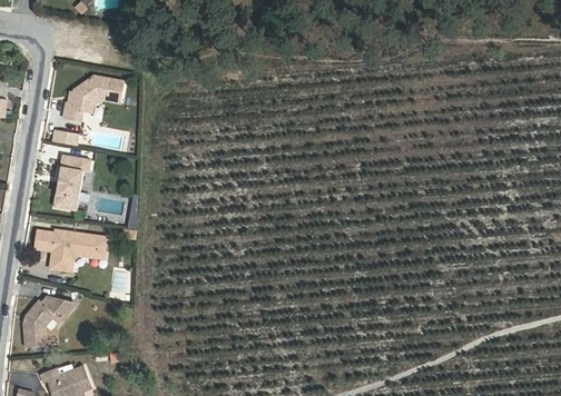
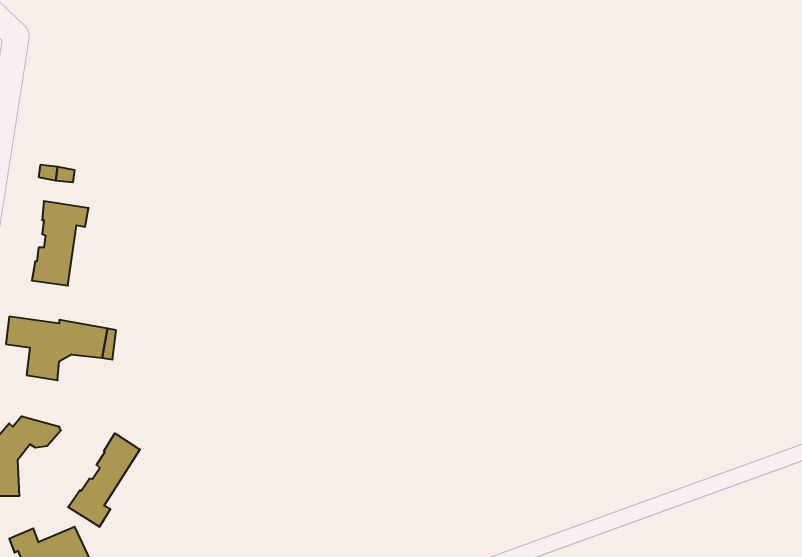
building: [63,77,125,122] -> none
building: none -> [68,433,140,527]

